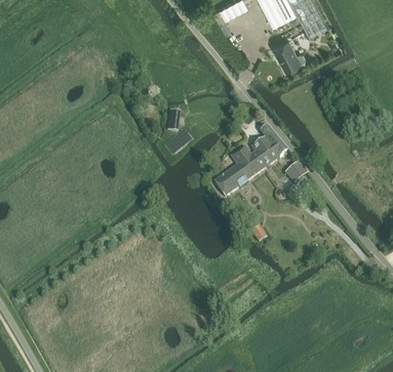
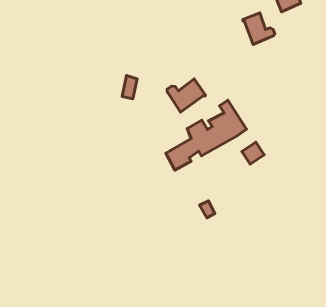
building: none -> [167,79,206,112]

